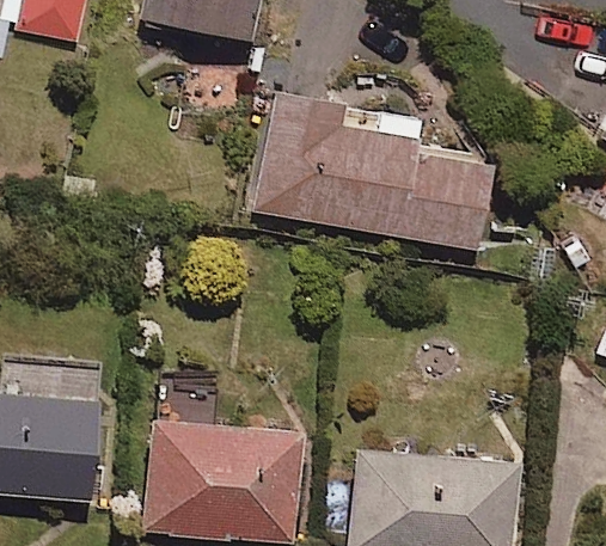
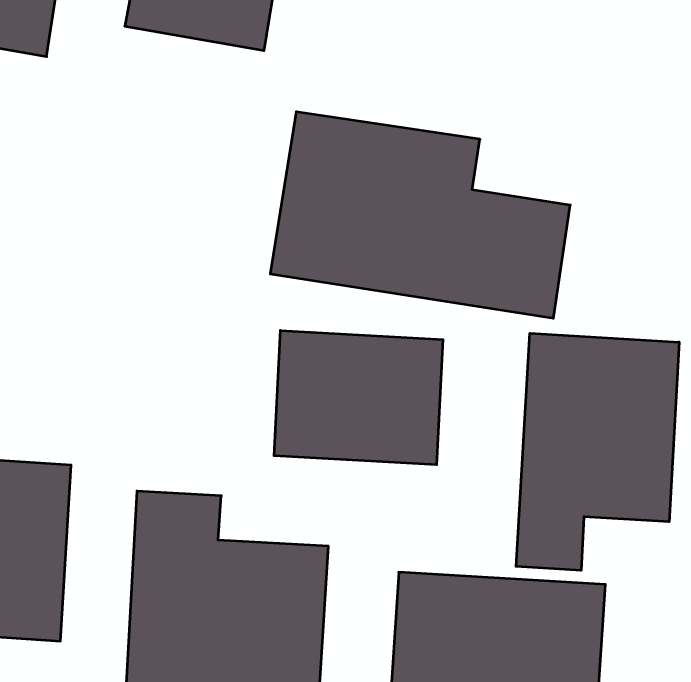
building: none -> [274,330,443,465]
building: none -> [516,333,679,570]

